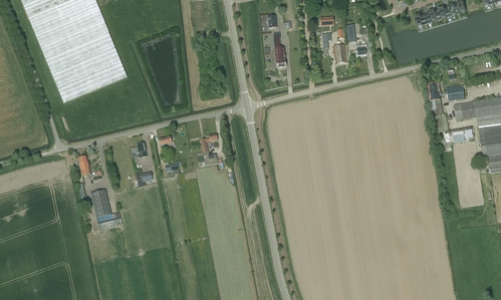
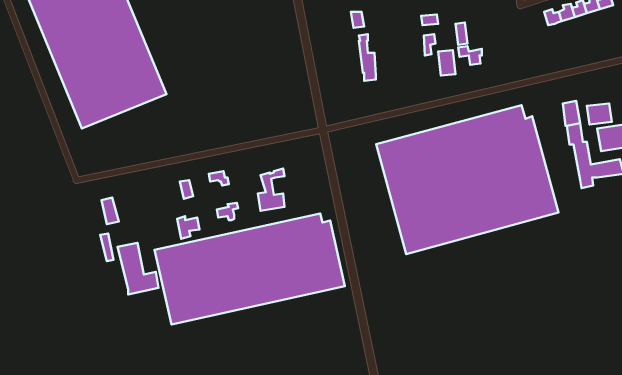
building: none -> [376,105,558,254]
building: none -> [155,213,345,325]

